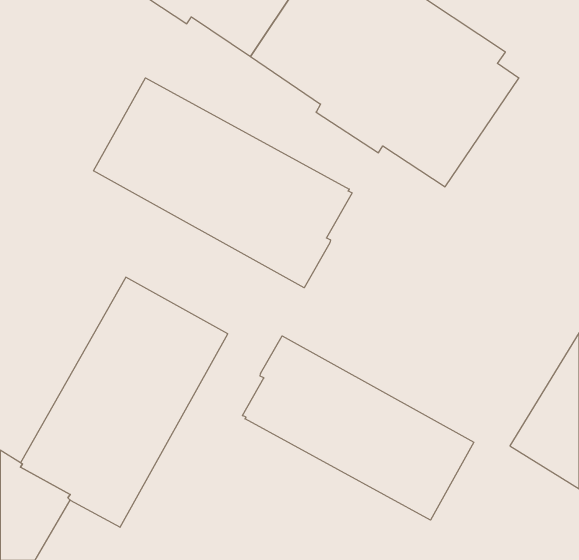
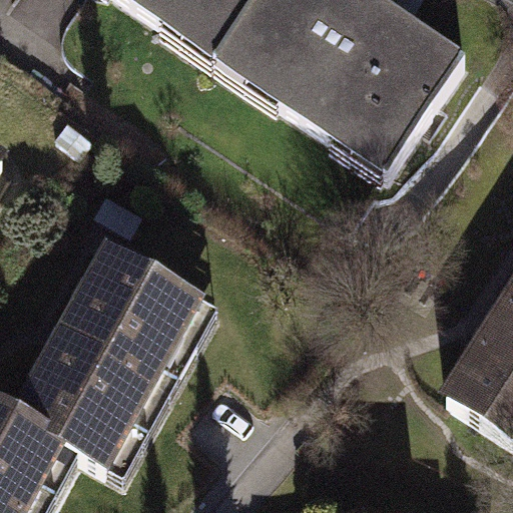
building: [94,78,352,288] -> none
building: [242,336,474,520] -> none

